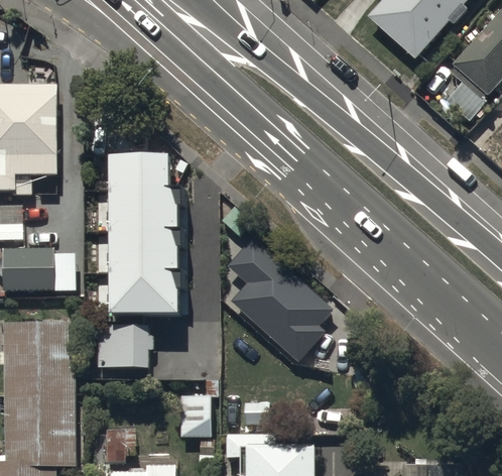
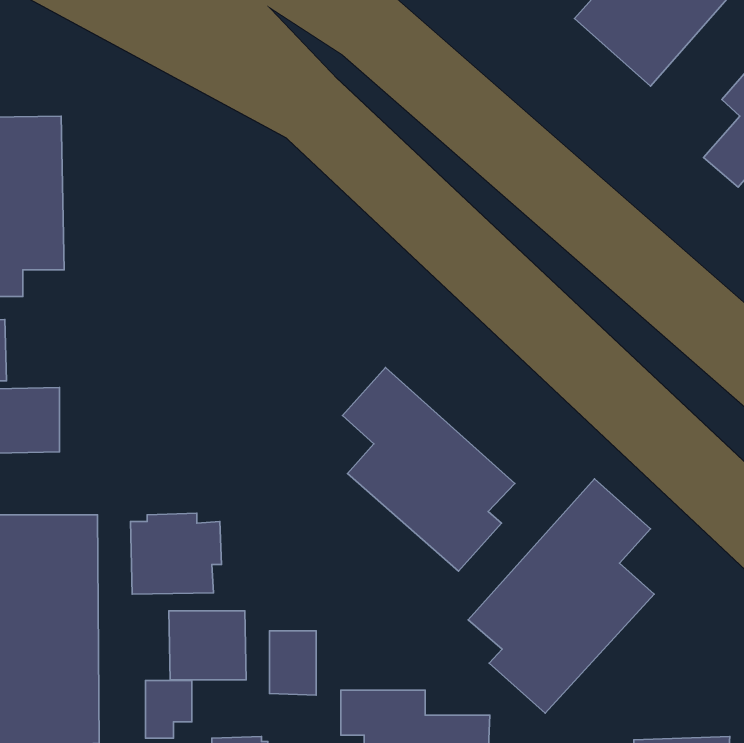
building: [111,156,184,312] -> none
building: none -> [468,479,654,713]
building: none -> [169,611,246,680]

